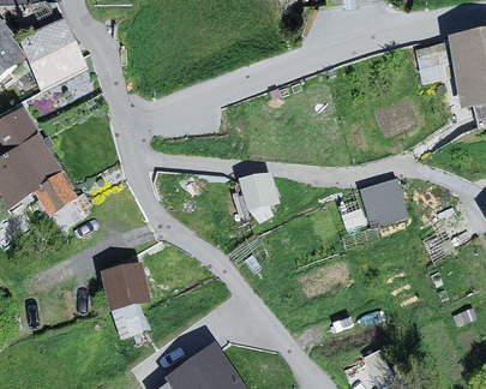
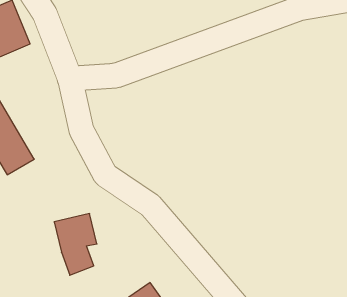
building: [239,174,282,214] -> none
building: [360,181,404,226] -> none

